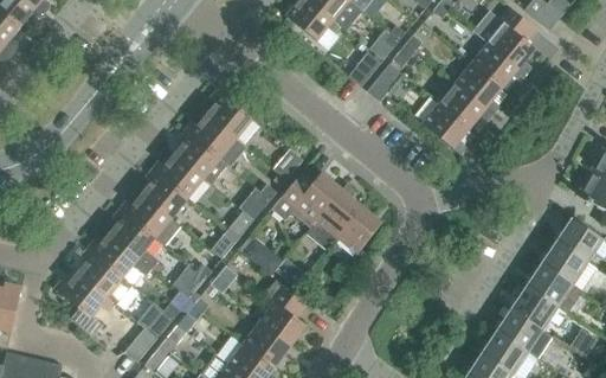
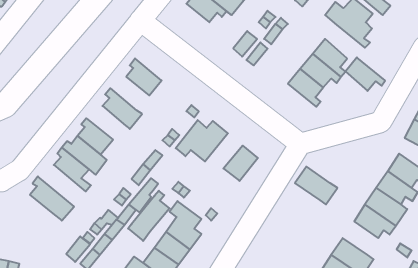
building: [471,44,524,89] -> [345,57,385,91]
building: [183,114,236,159] -> none
building: [152,153,204,198] -> none
building: [305,182,361,250] -> [128,191,170,241]
building: [86,232,150,277] -> none
building: [53,273,107,318] -> none
building: [495,308,552,359] -> [295,167,337,204]

